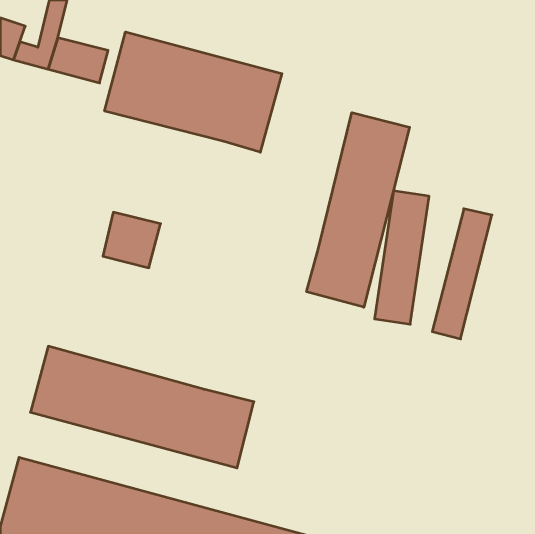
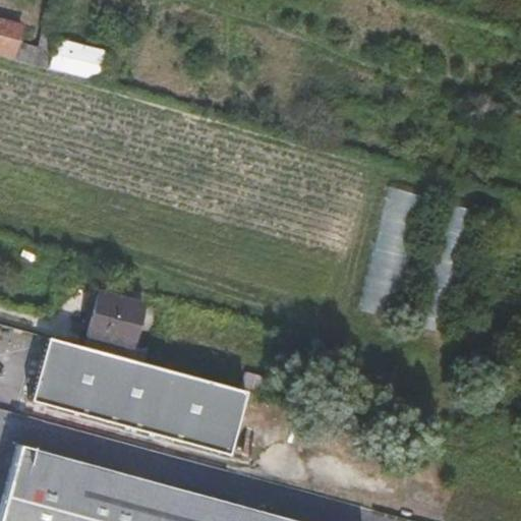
building: [105,32,282,152] -> none
building: [307,113,410,307] -> none
building: [103,212,161,268] -> [88,293,143,347]

